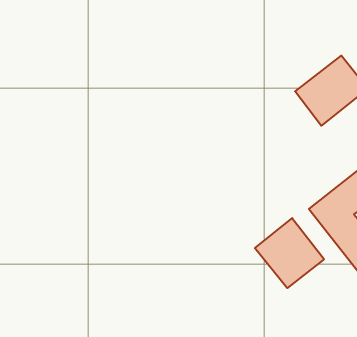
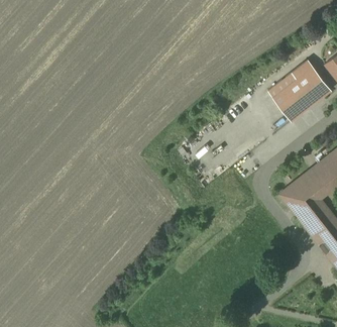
building: [255,218,324,288] -> none

